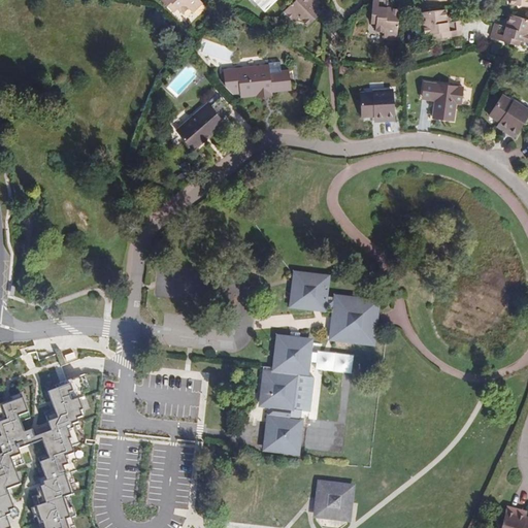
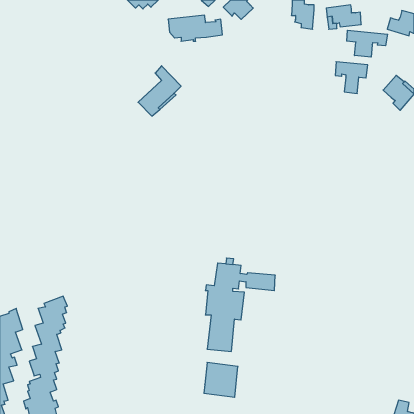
building: none -> [347,30,388,57]
building: [224,64,293,97] -> [168,15,222,41]
building: [360,90,395,121] -> none
building: [288,272,375,340] -> none
building: [311,473,355,518] -> [204,362,238,397]

